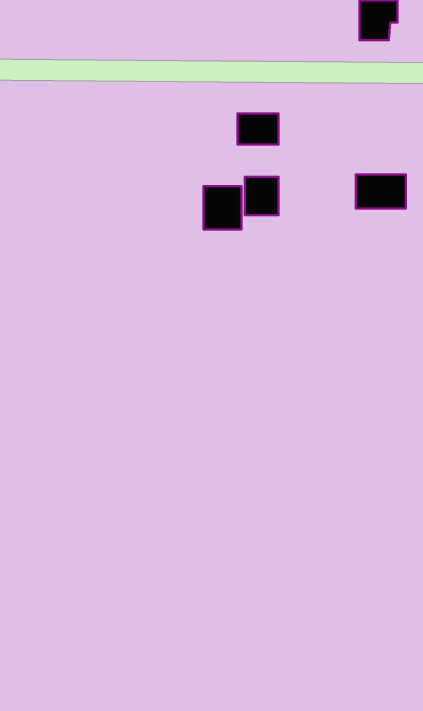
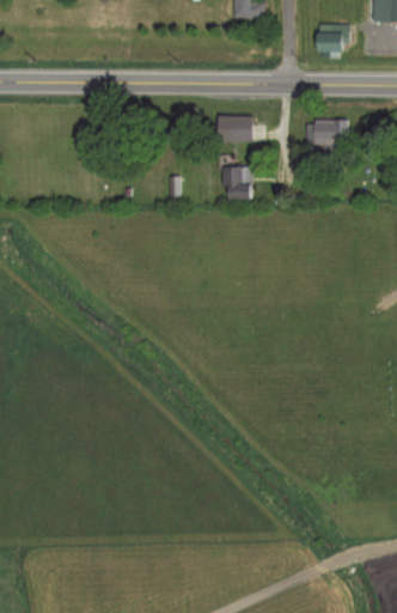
building: [356,175,406,208] -> [306,120,347,147]
building: [203,186,241,229] -> none

